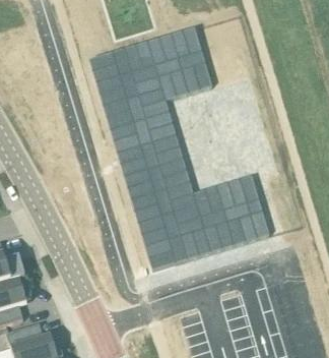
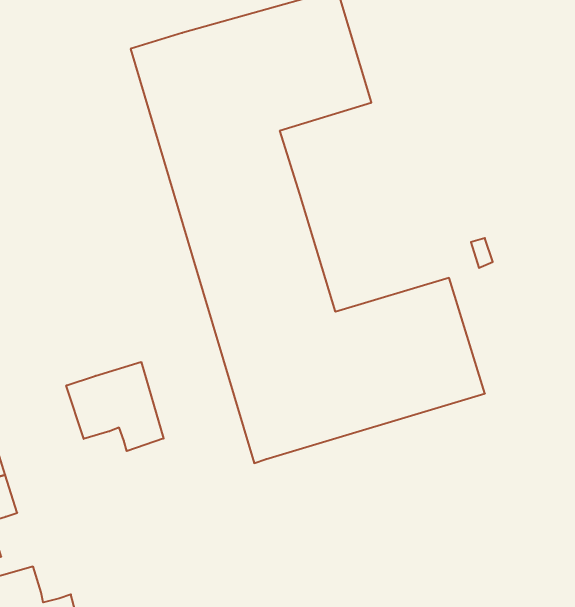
building: none -> [66,362,164,451]

